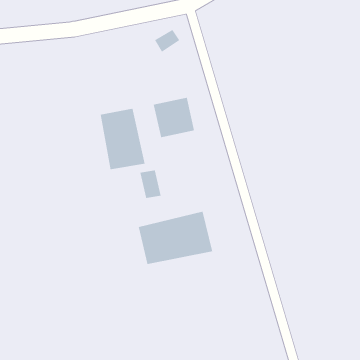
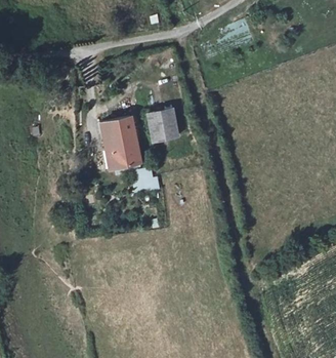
building: [138,211,213,265] -> none

